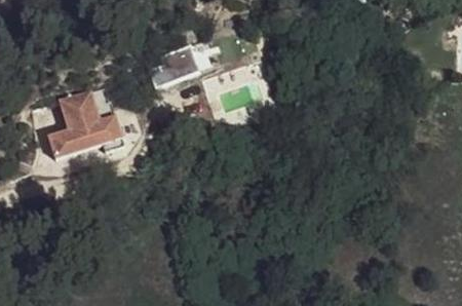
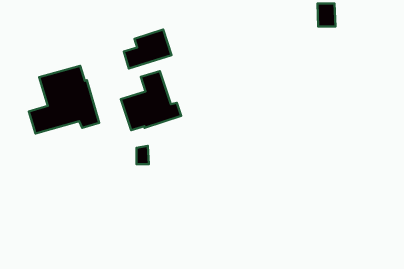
building: none -> [121,71,181,130]

